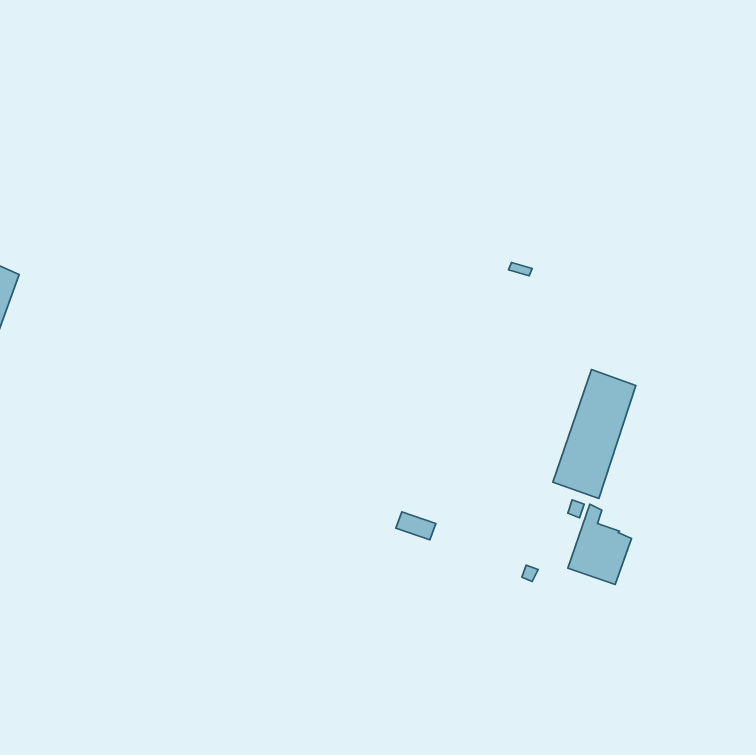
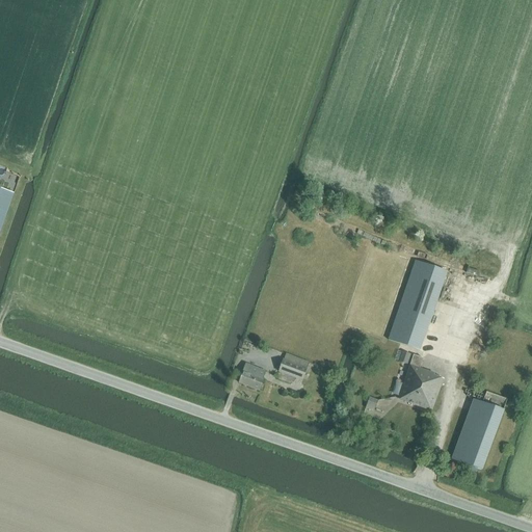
building: none -> [238,363,266,390]
building: none -> [451,390,506,469]

